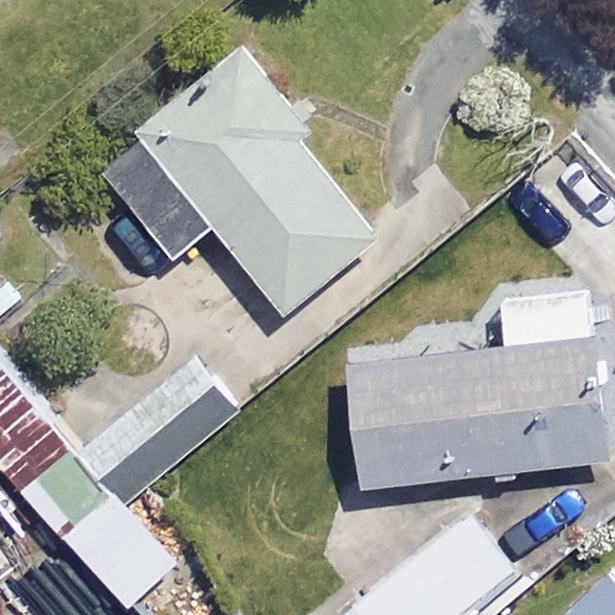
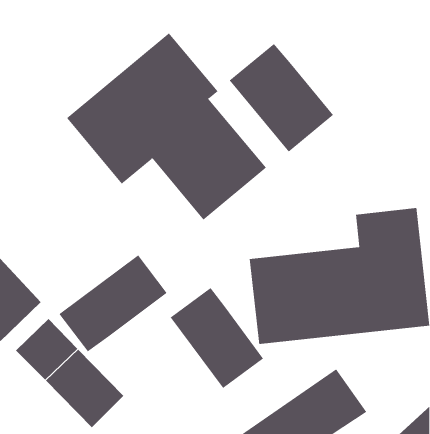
building: none -> [229,43,334,152]
building: none -> [170,287,264,389]

